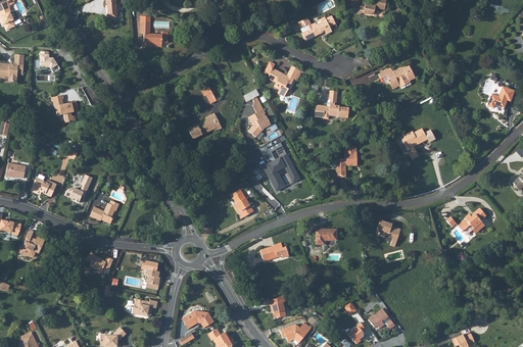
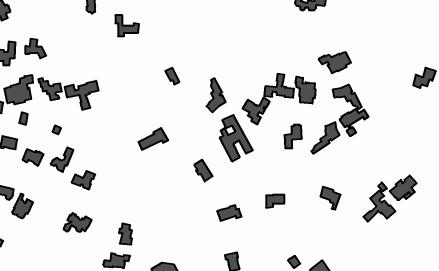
building: [299,17,336,43] -> none
building: [266,64,297,96] -> [243,97,270,124]
building: none -> [4,75,33,104]
building: none -> [295,77,316,104]
building: none -> [65,81,98,110]
building: none -> [333,85,362,109]
building: [188,113,223,139] -> [138,128,168,150]
building: none -> [311,122,339,154]
building: none -> [363,191,395,222]

